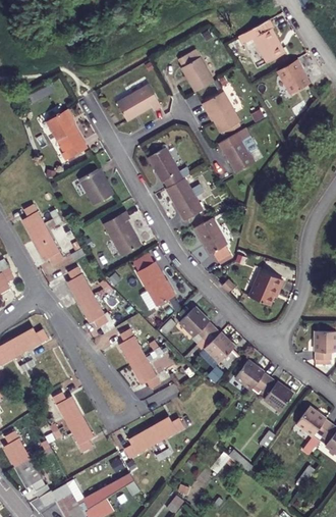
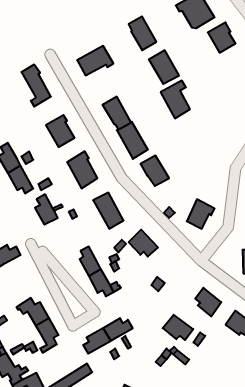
building: [77,294,109,326] -> none
building: [203,329,236,368] -> none
building: [233,361,270,392] -> [163,315,193,340]

